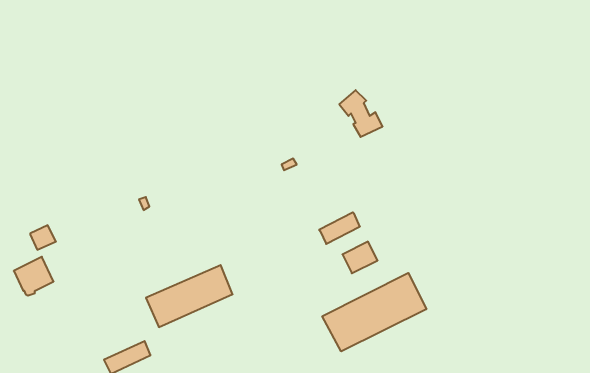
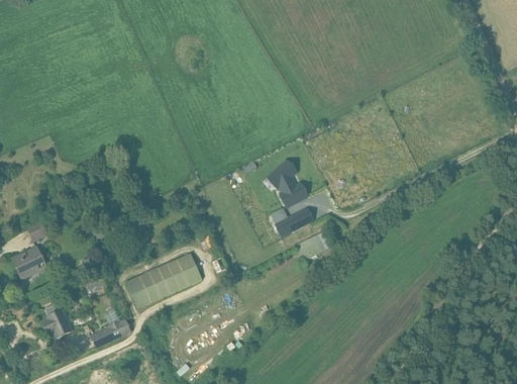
building: [339,90,383,137] -> [269,164,306,204]
building: [322,273,426,351] -> none
building: none -> [41,304,72,337]

